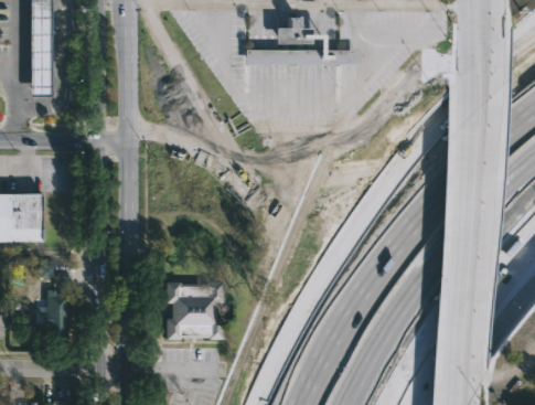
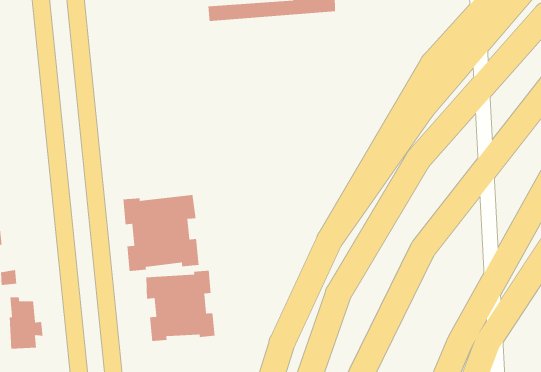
building: none -> [122,194,199,272]

